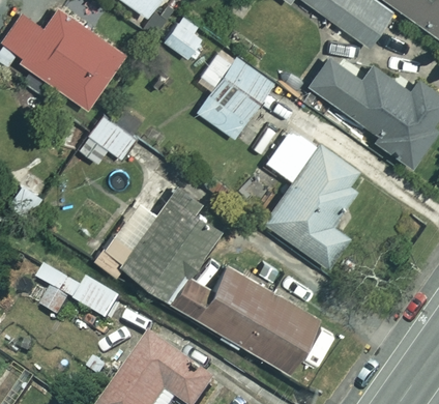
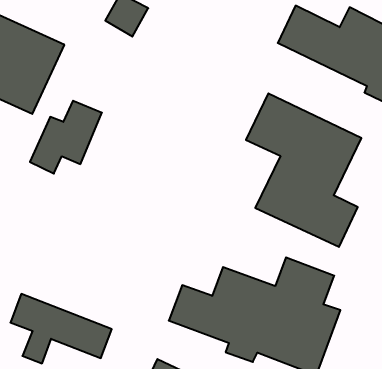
building: [196,47,273,139] -> none
building: [93,186,220,296] -> none

